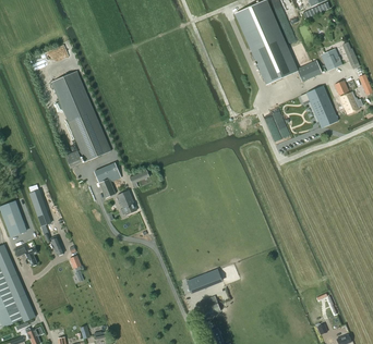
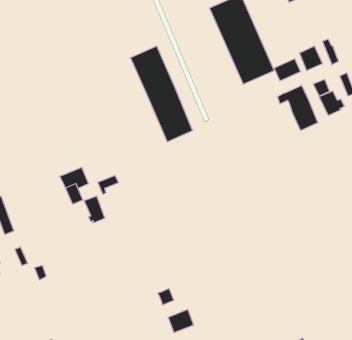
building: [51,71,110,161] -> [130,46,193,142]

